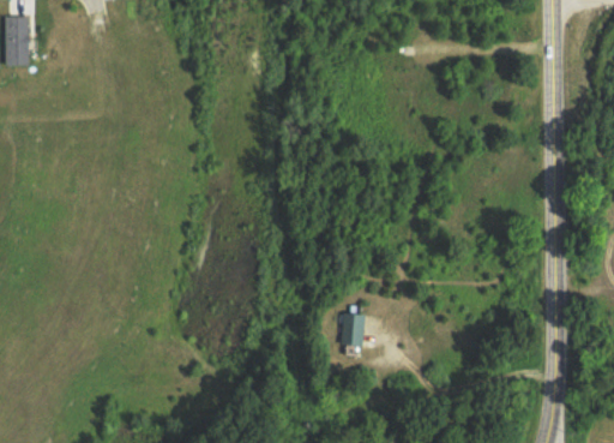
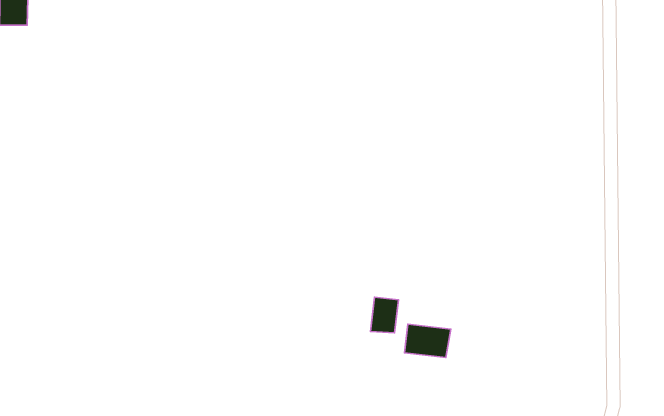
building: none -> [404,324,451,358]

